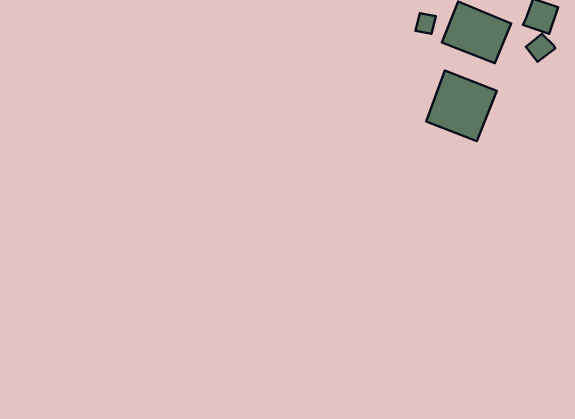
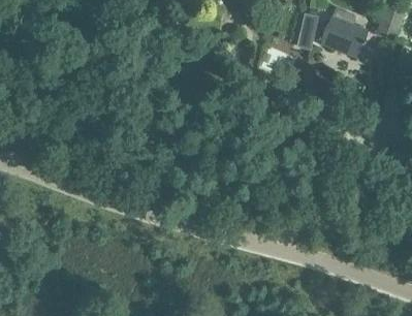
building: [426,71,497,141] -> none

